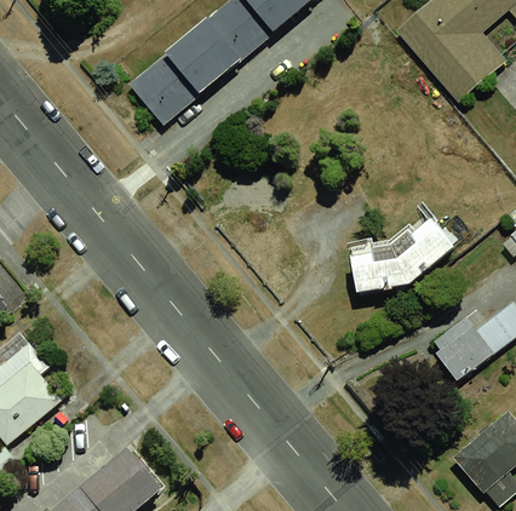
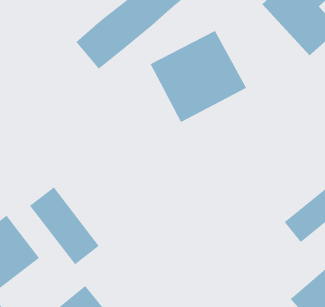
building: none -> [150,30,247,123]
building: [348,199,470,293] -> none
building: none -> [29,186,100,265]

